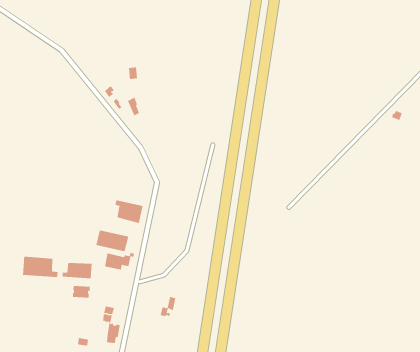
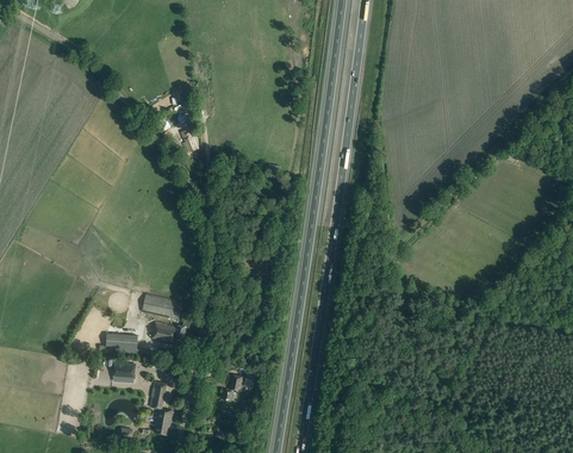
building: [115,200,143,224] -> none
building: [22,256,58,278] -> none

